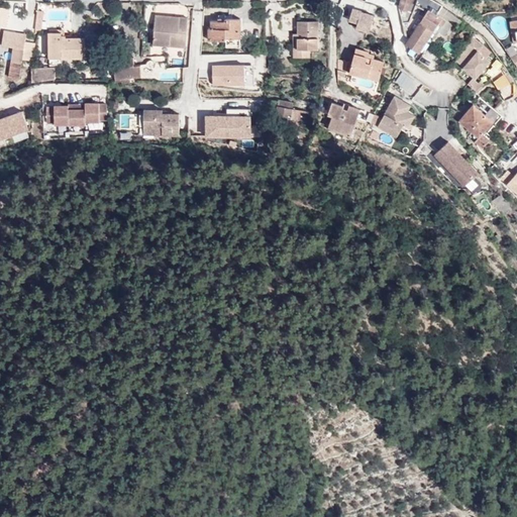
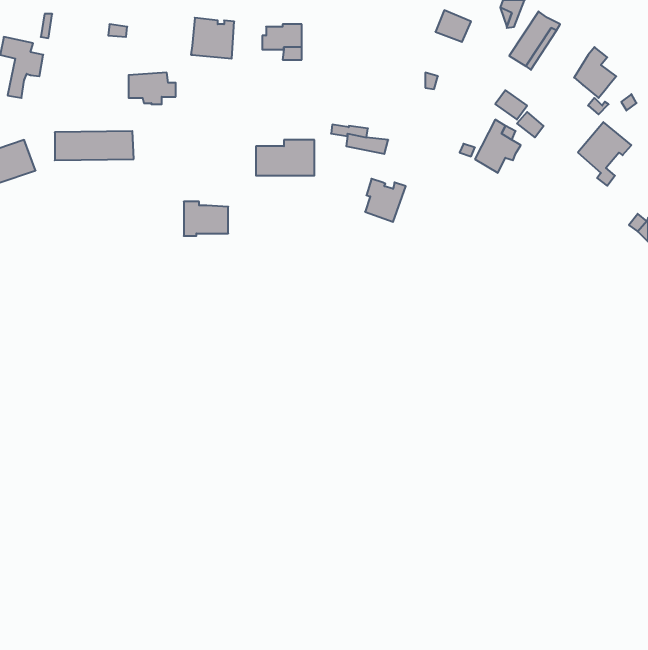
building: [293,20,317,58] -> none
building: [48,32,84,59] -> none
building: [348,48,383,80] -> none
building: [210,65,248,87] -> none
building: [327,102,359,136] -> [365,179,406,222]
building: [143,110,179,137] -> [184,202,228,236]
building: [433,141,477,186] -> none

